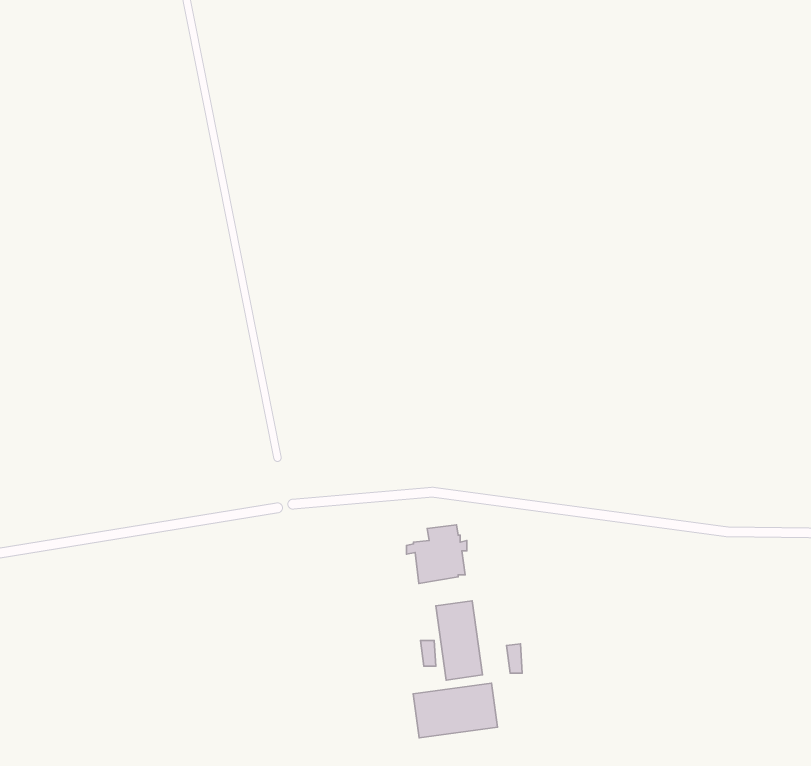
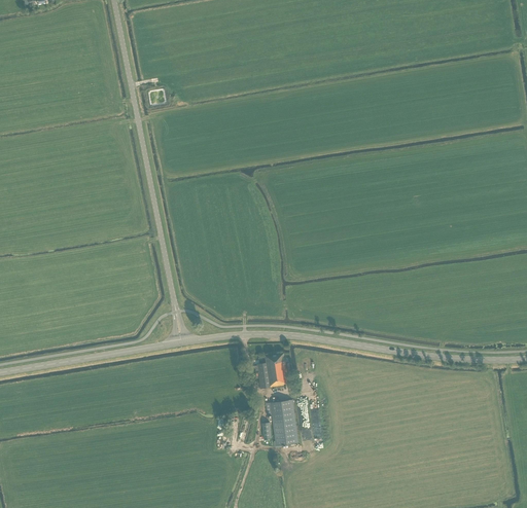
building: [413,683,497,738] -> none

